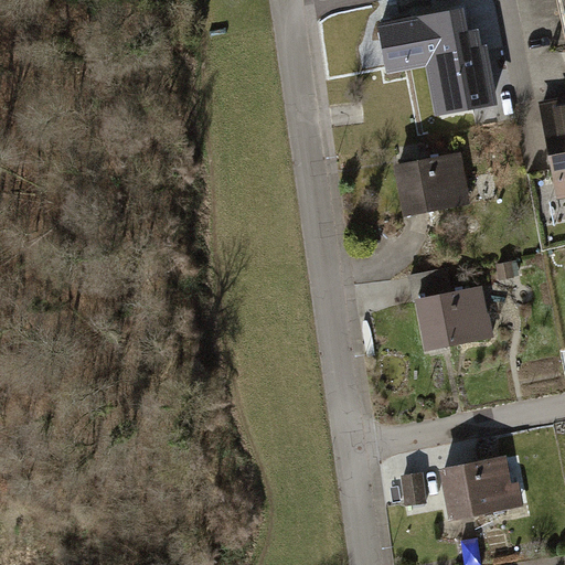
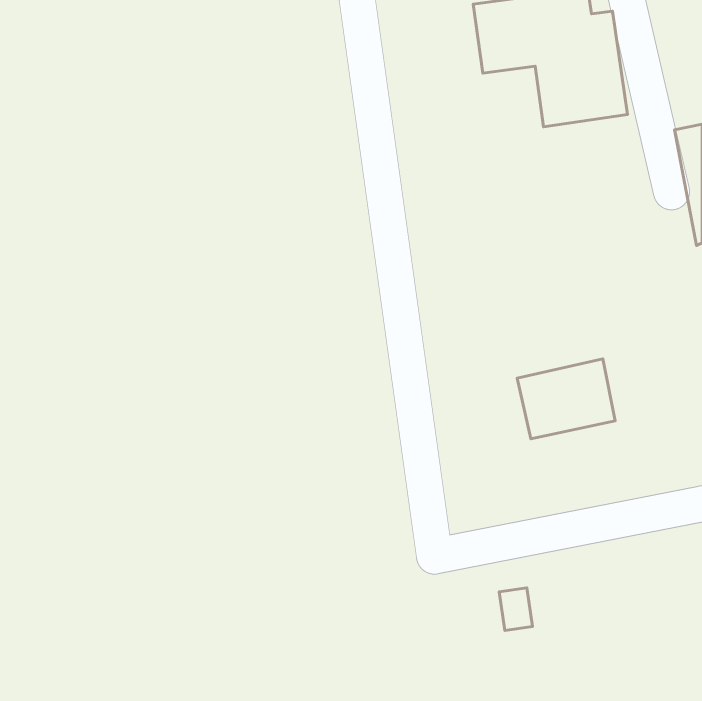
building: [392,152,471,218] -> none
building: [438,456,523,520] -> none

